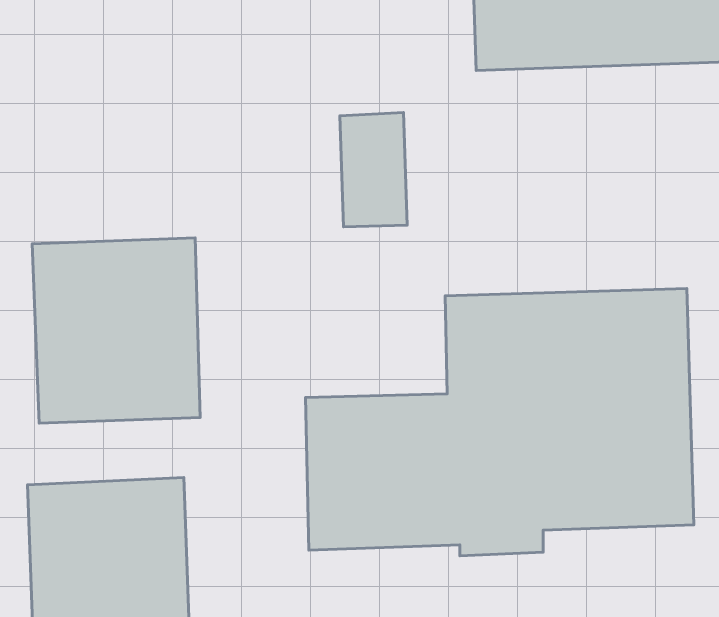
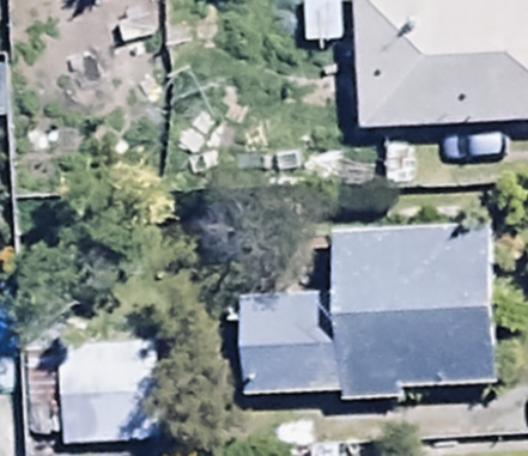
building: [32,238,200,423] -> none

